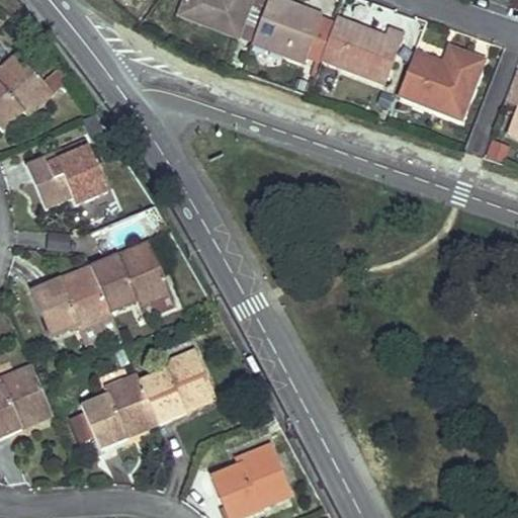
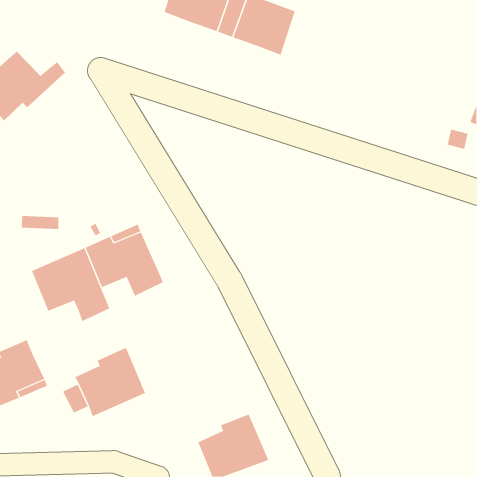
building: [318,15,402,81] -> none
building: [395,45,481,117] -> none
building: [27,142,107,209] -> none
building: [139,348,215,423] -> none

